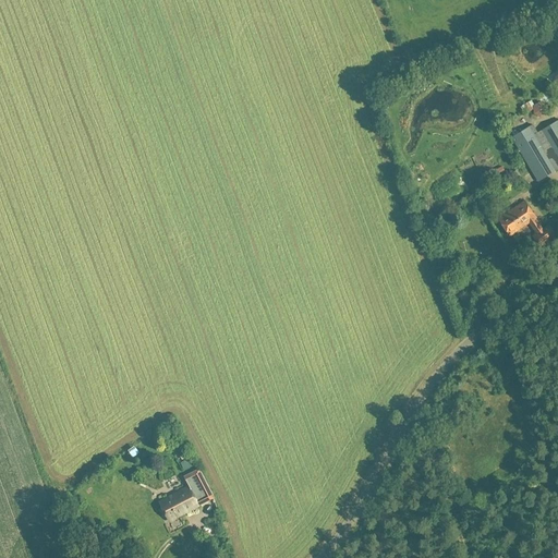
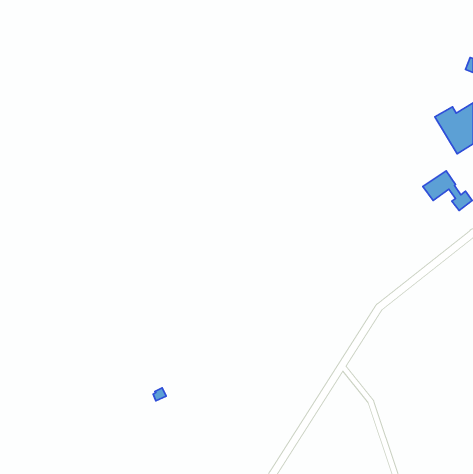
building: [158,469,213,521] -> none

